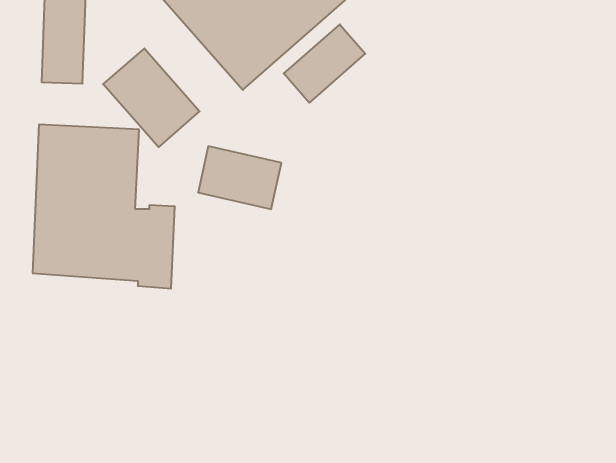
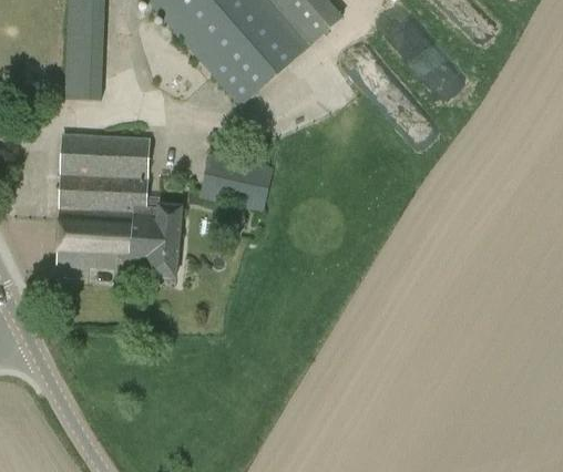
building: [284,24,365,103] -> none
building: [103,48,200,147] -> none

